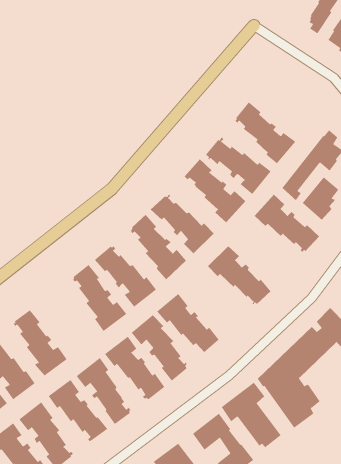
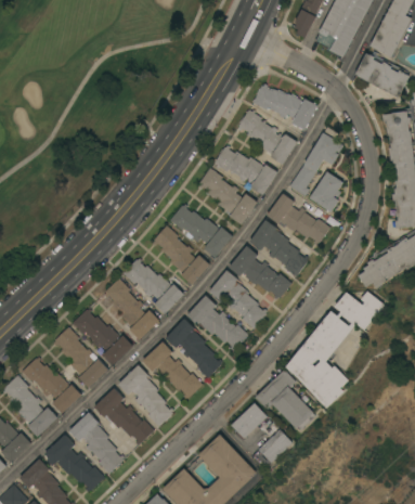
building: none -> [251,85,319,131]
building: none -> [248,220,307,276]
building: none -> [208,270,265,329]
building: none -> [70,309,131,366]

